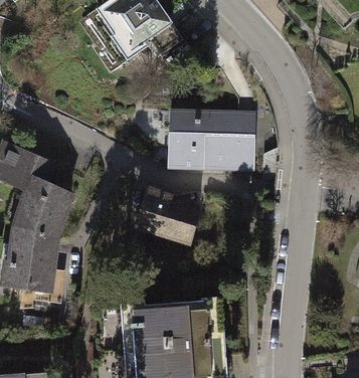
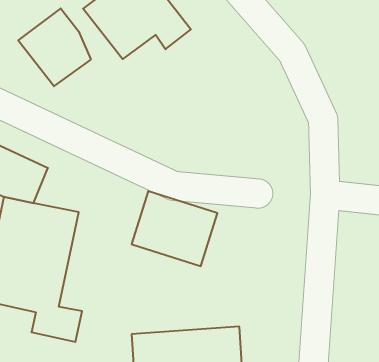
building: none -> [18,8,91,86]
building: [167,101,256,170] -> none

